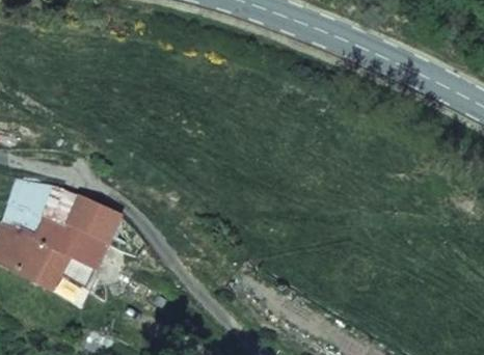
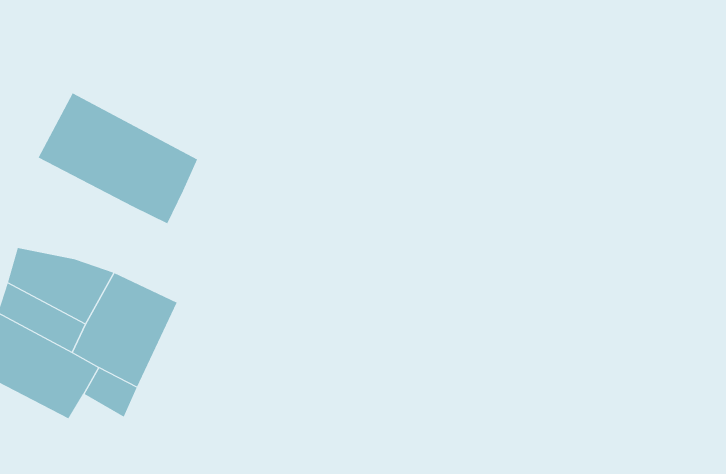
building: none -> [38,93,198,224]

